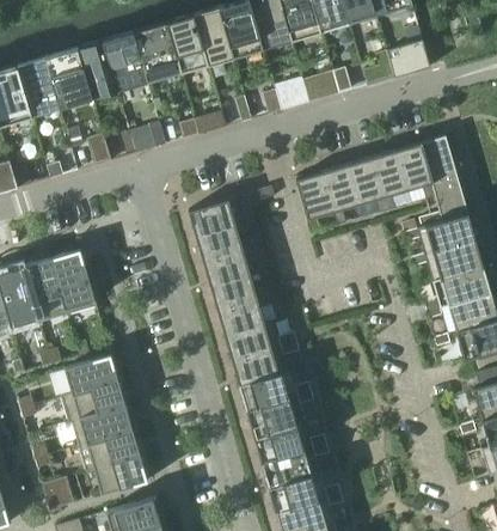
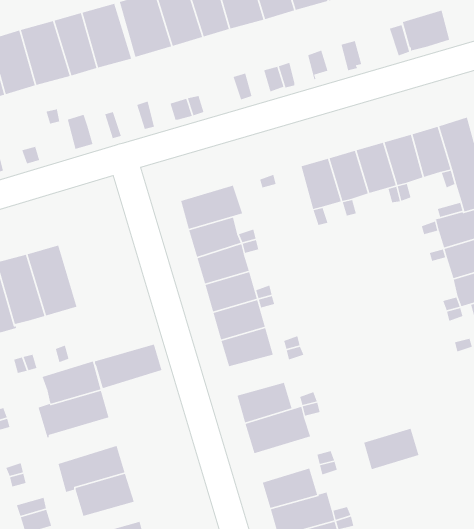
building: [232,348,282,384] -> none
building: [72,404,133,445] -> [94,344,162,389]
building: [254,421,306,462] -> [363,425,421,470]

